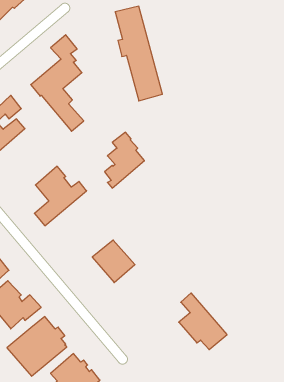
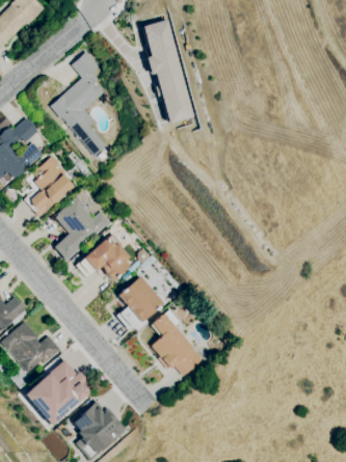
building: [105,132,144,188] -> [30,156,74,217]
building: none -> [82,234,130,280]
building: [179,293,227,350] -> [150,314,203,376]

